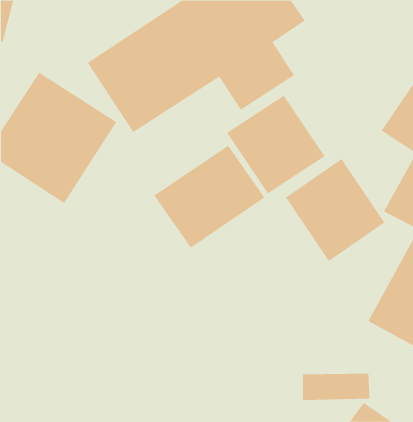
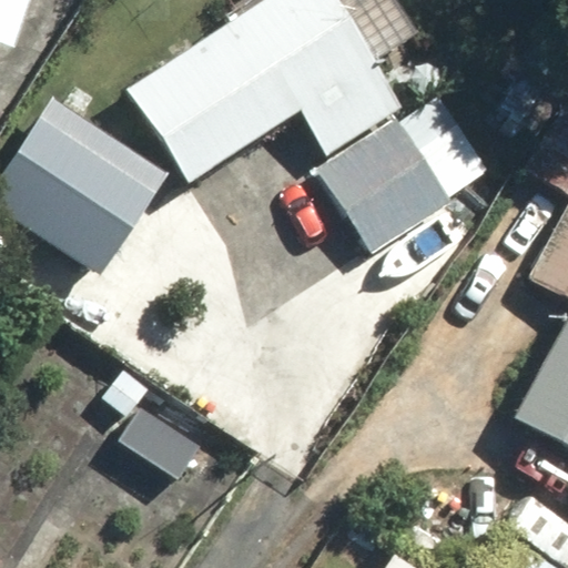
building: [153,145,265,248] -> none
building: [285,158,385,262] -> none

